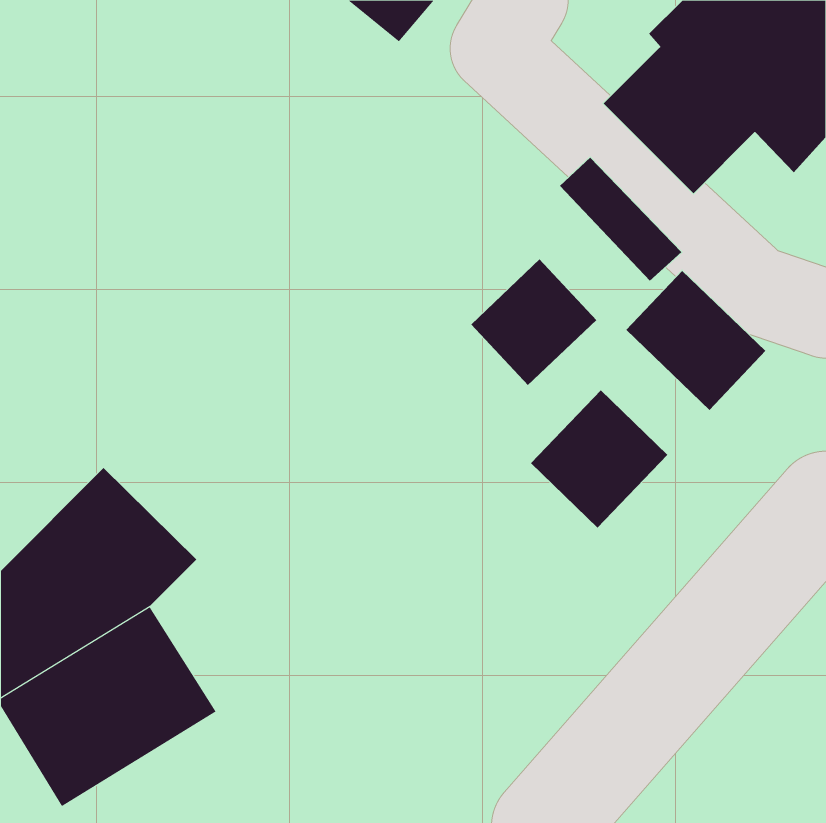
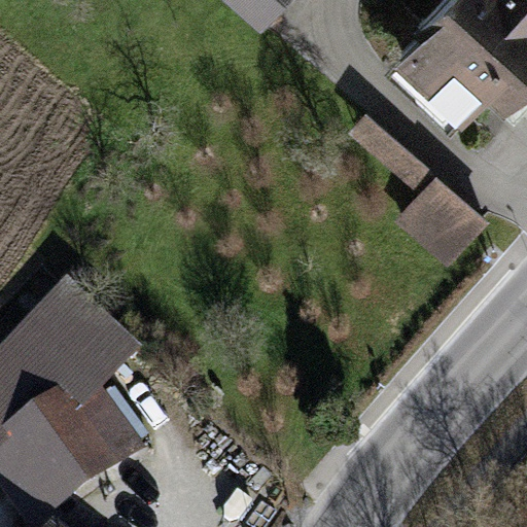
building: [470,259,597,386] -> none
building: [530,390,668,528] -> none

